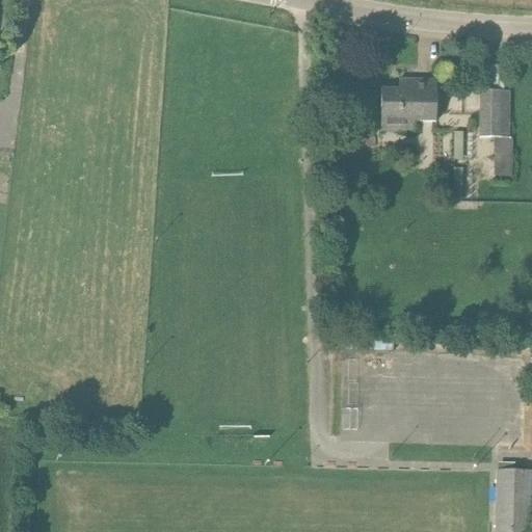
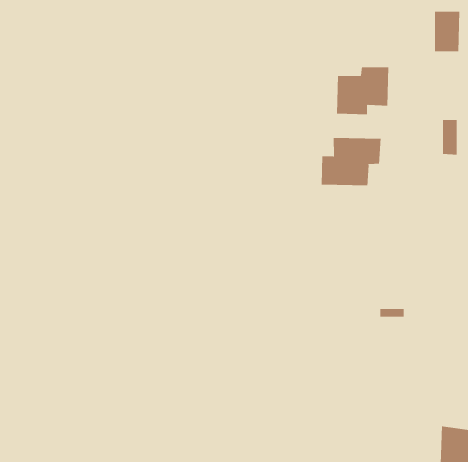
building: [482,89,510,133] -> [434,11,460,52]
building: none -> [321,137,381,186]

